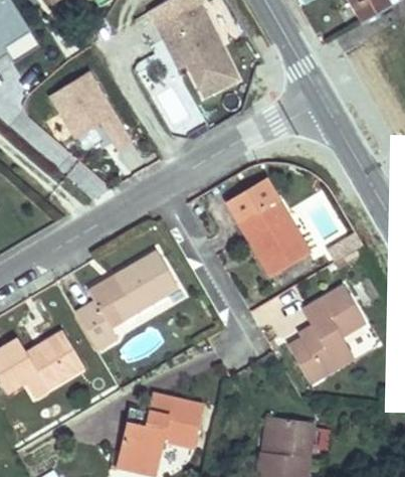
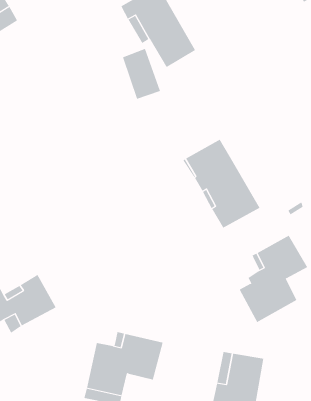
building: [50,70,133,149] -> none
building: [76,251,178,350] -> none

